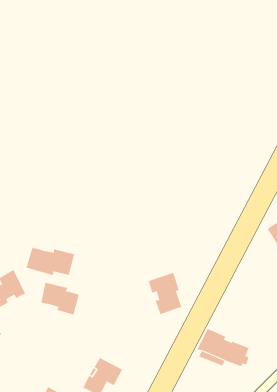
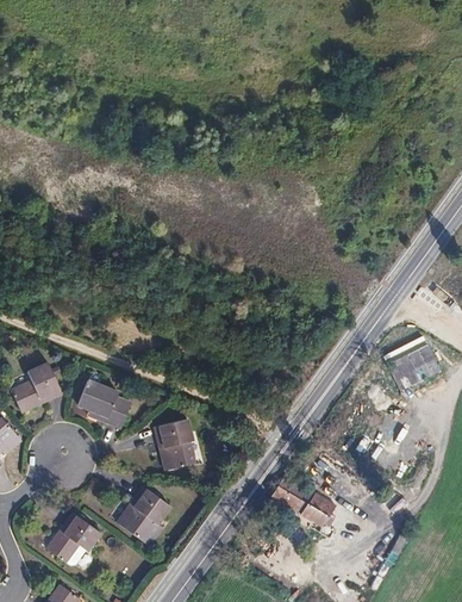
building: [26,247,75,276] -> none
building: [148,272,182,315] -> [155,418,193,470]

